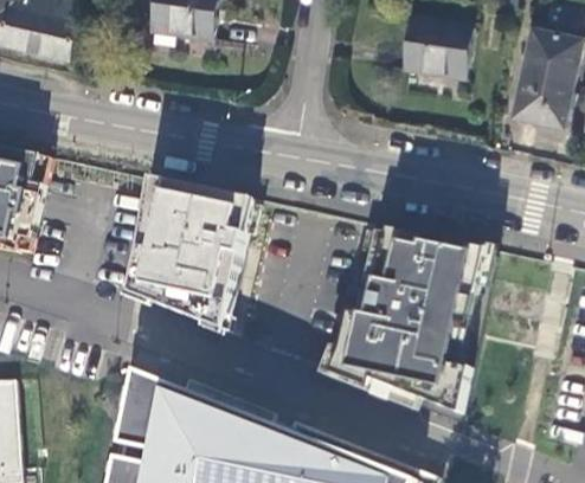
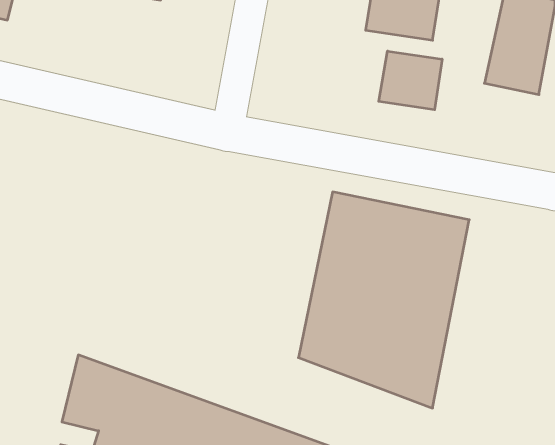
building: none -> [379,51,442,110]
building: [130,180,259,331] -> none

